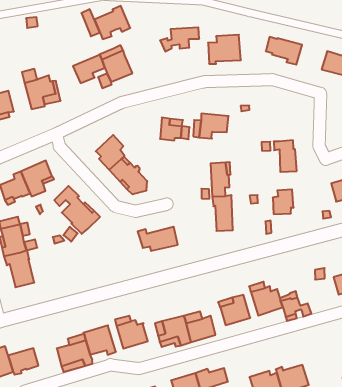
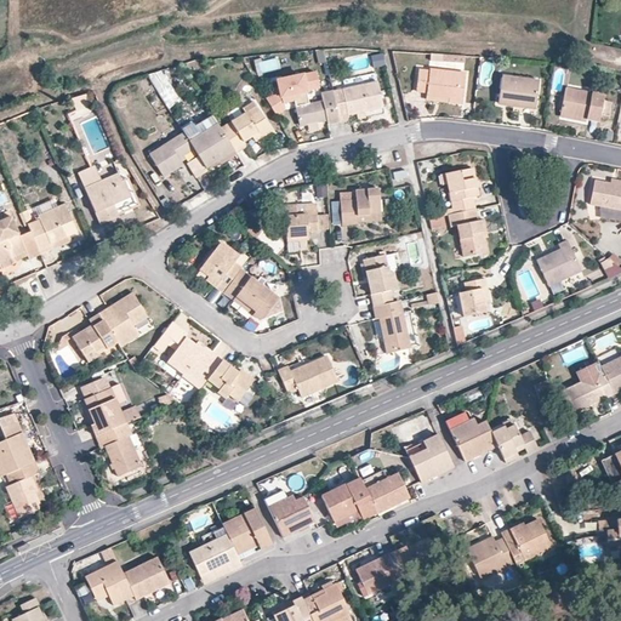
building: [94,6,130,39] -> [220,101,272,152]
building: none -> [295,87,340,124]
building: none -> [446,167,478,212]
building: none -> [206,358,251,399]

